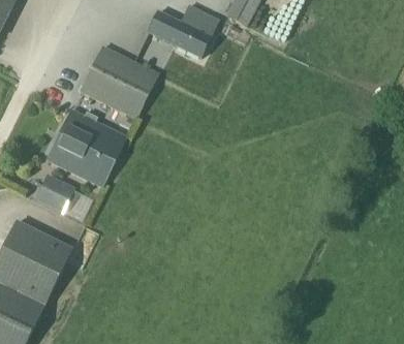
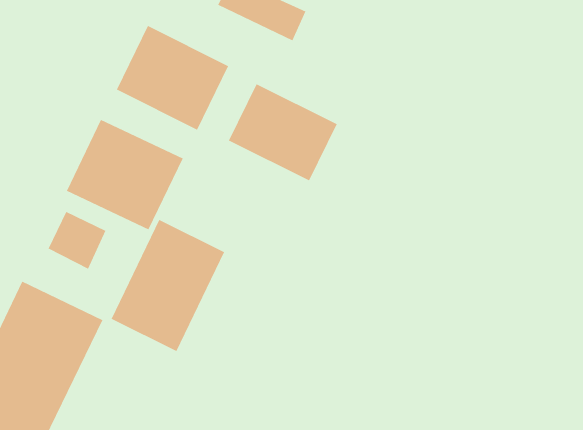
building: none -> [228,83,338,182]
building: none -> [110,219,225,352]

